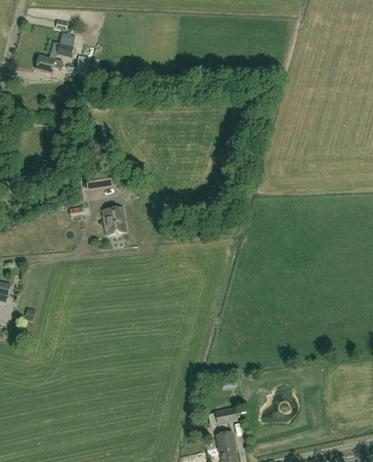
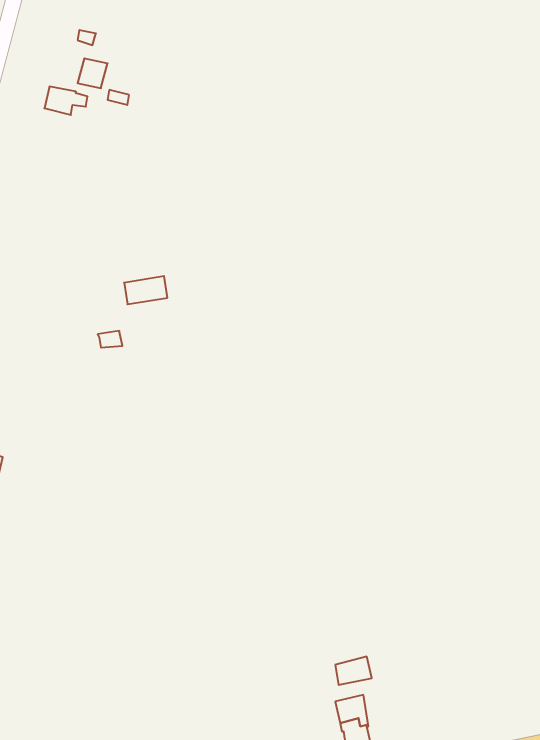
building: [101,206,125,235] -> none

